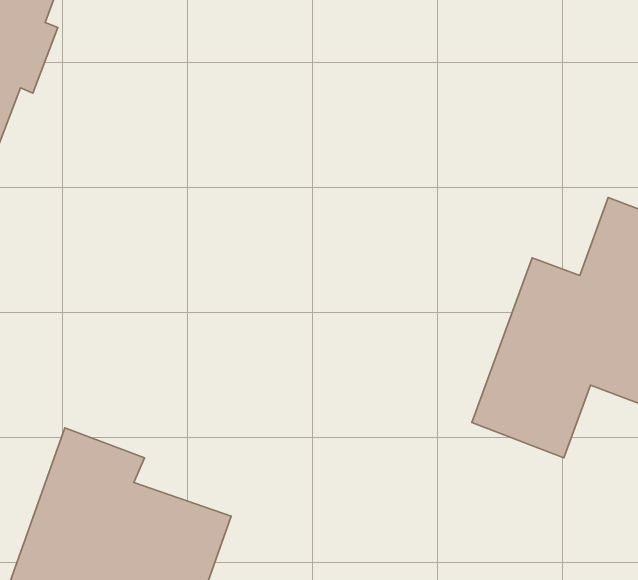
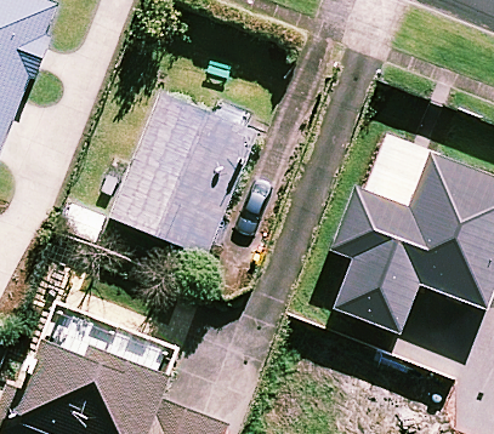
building: none -> [112,93,255,253]

